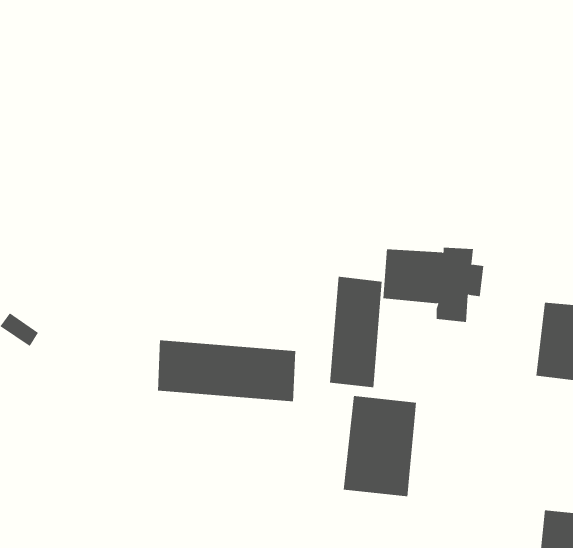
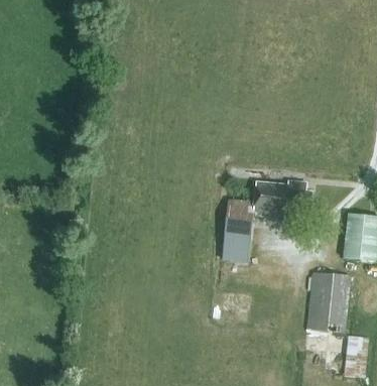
building: [157,340,296,402] -> none
building: [343,395,417,497] -> [306,271,350,331]

